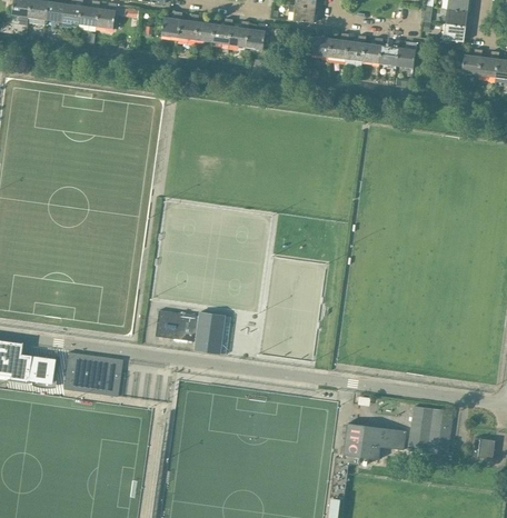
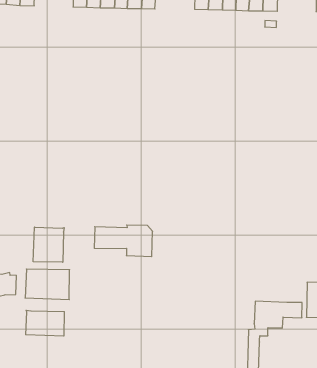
building: none -> [33,227,64,262]
building: none -> [26,310,64,336]

